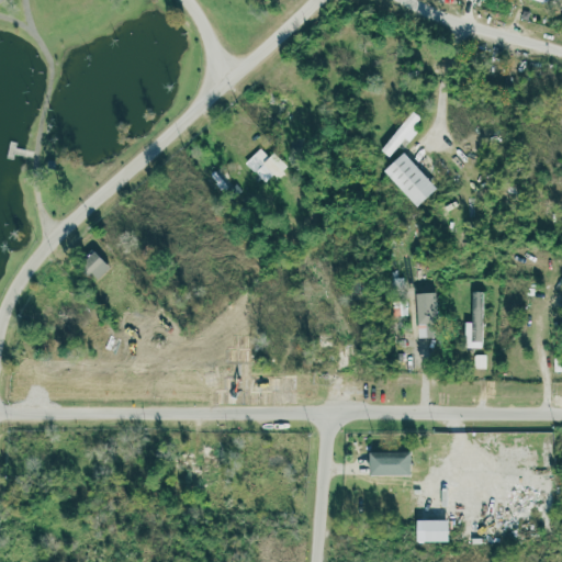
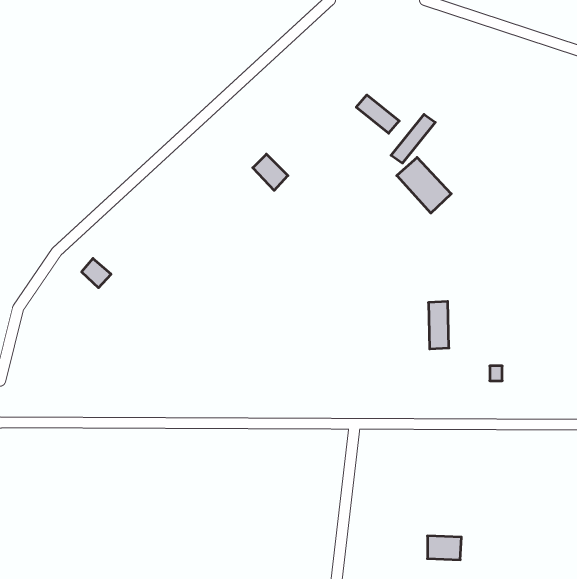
building: none -> [356,95,399,133]
building: [465,291,484,348] -> none
building: [369,451,409,475] -> none

